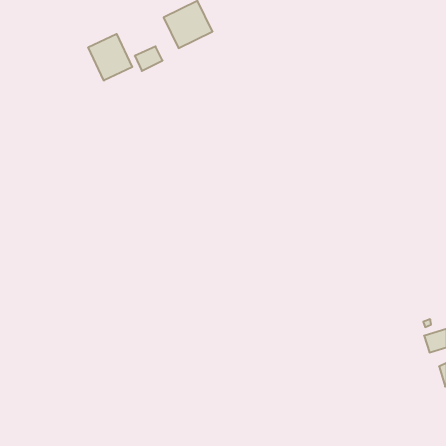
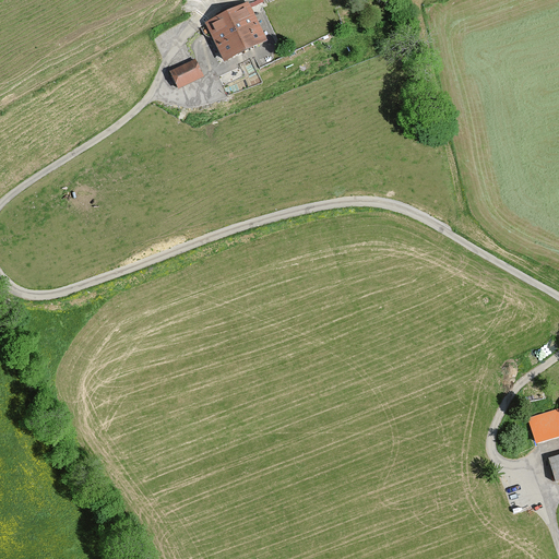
building: [88,34,132,81] -> none

